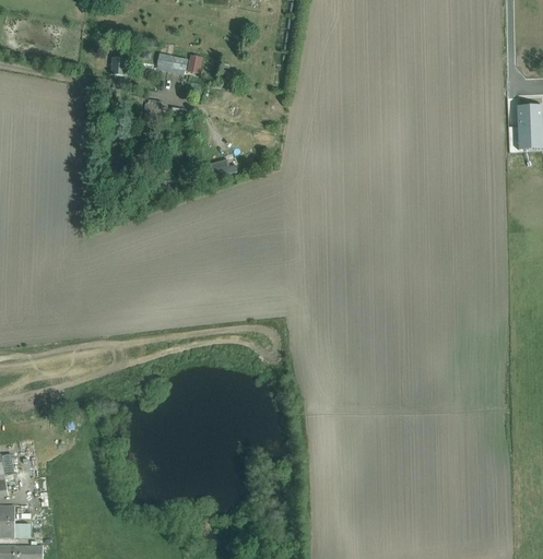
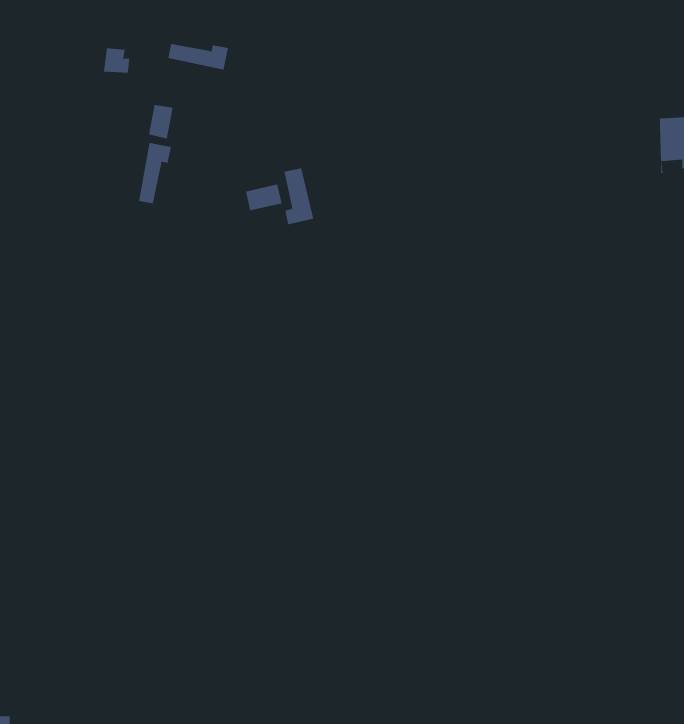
building: none -> [138,142,171,204]
building: none -> [284,167,314,225]

